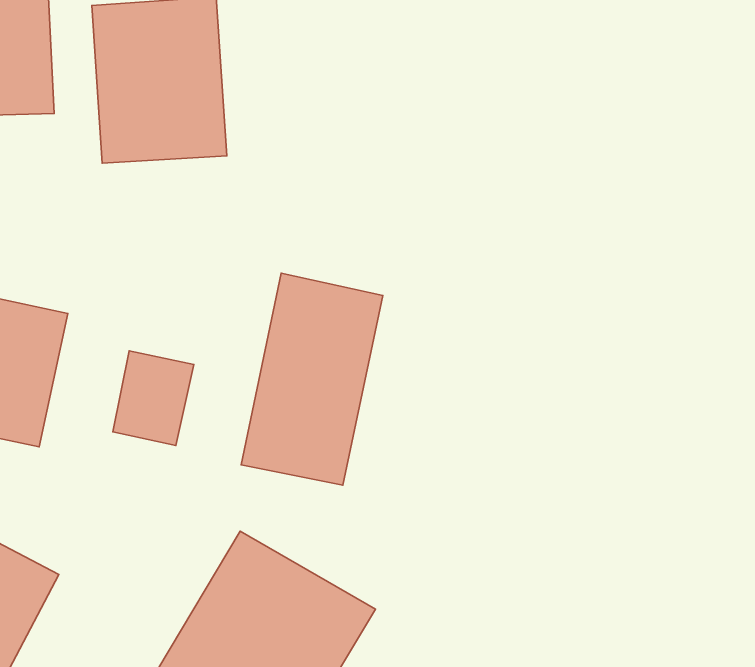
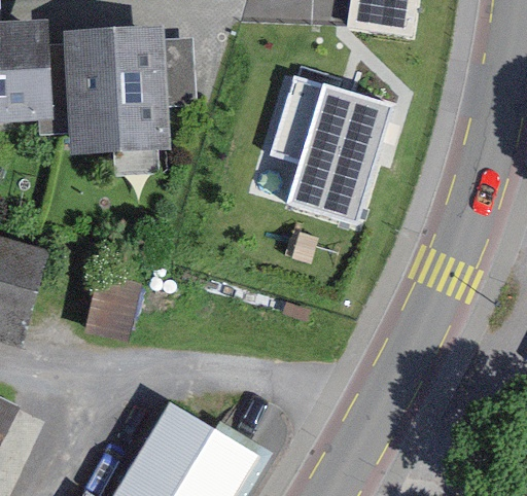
building: none -> [268,78,386,221]
building: [241,273,383,485] -> none

